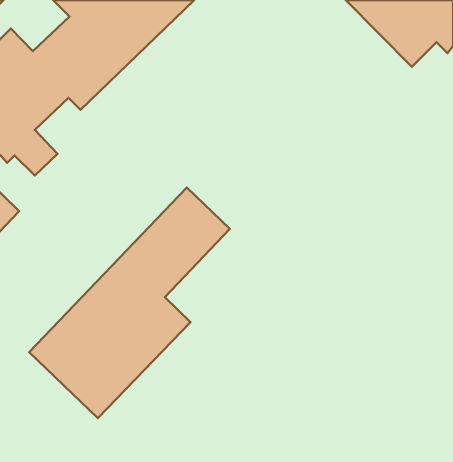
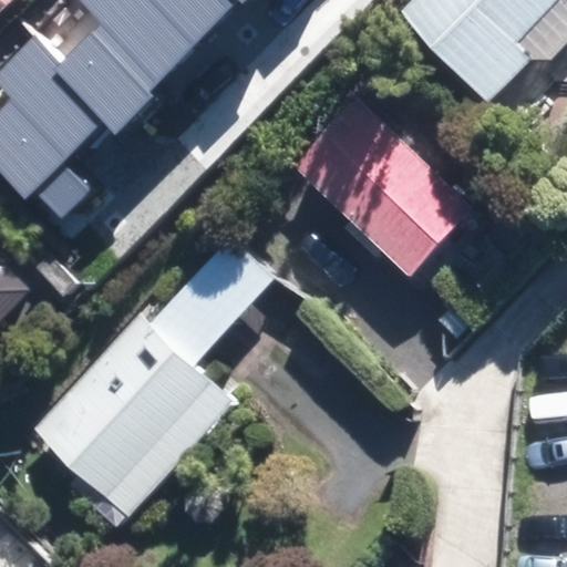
building: none -> [292,87,486,278]

